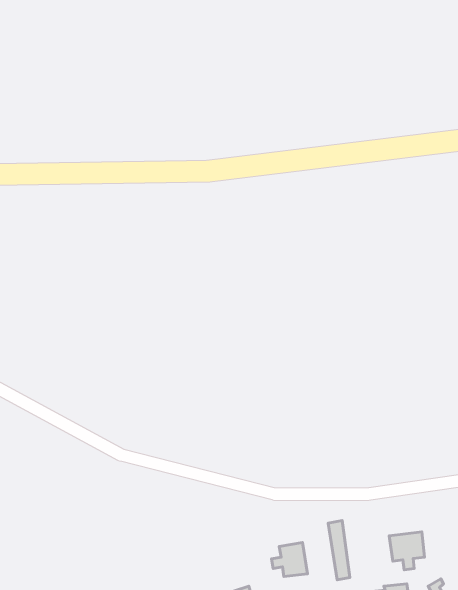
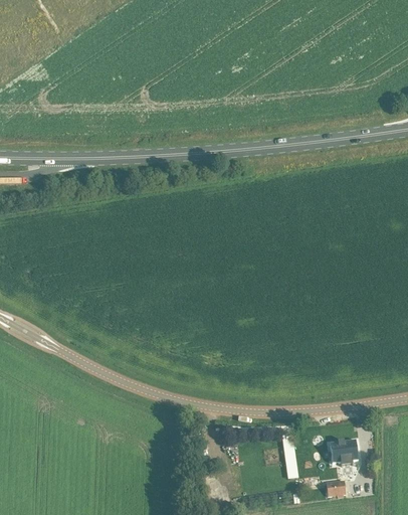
building: [272,543,307,577] -> none

